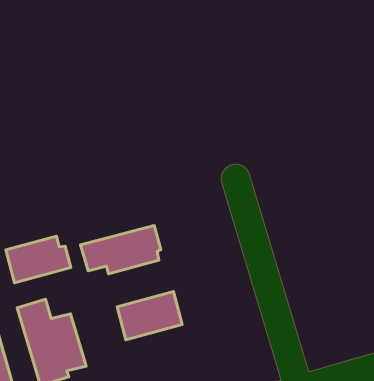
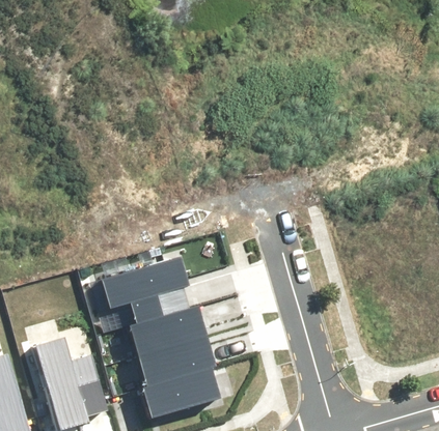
building: [6,236,71,283] -> [131,296,200,346]
building: none -> [142,365,220,419]

